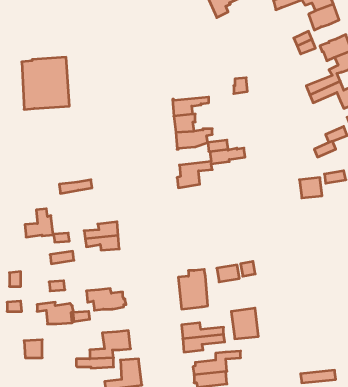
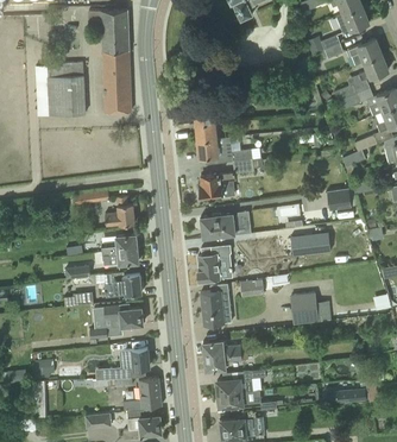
building: none -> [89,11,131,113]
building: none -> [198,214,239,239]
building: [25,209,53,237] -> [105,197,134,227]
building: none -> [290,233,330,257]
building: none -> [197,246,232,282]
building: [37,302,73,324] -> [105,273,143,296]
building: [231,308,258,339] -> [290,293,319,326]

